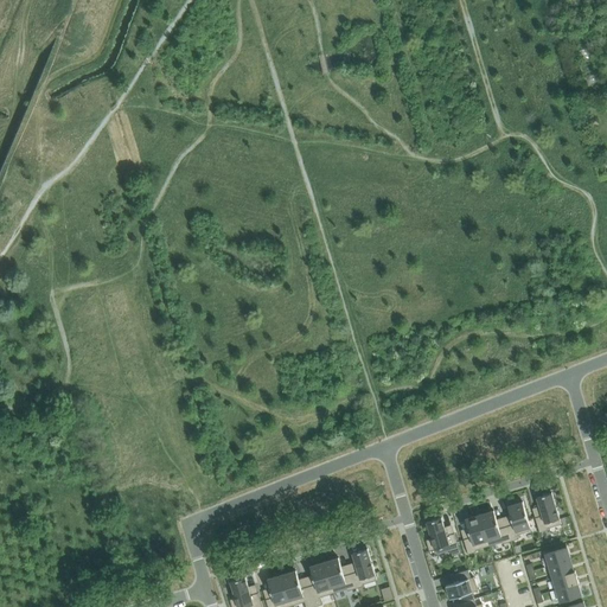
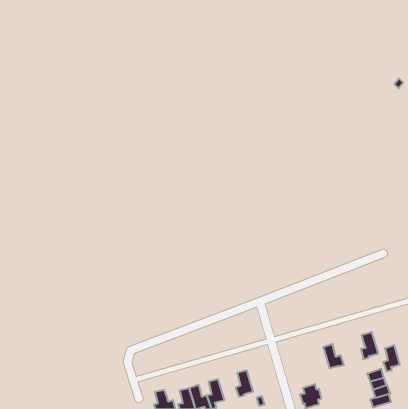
building: [504,500,529,539] -> [383,345,400,372]
building: [461,513,487,552] -> none
building: [424,516,458,555] -> none
building: [322,556,353,592] -> none

